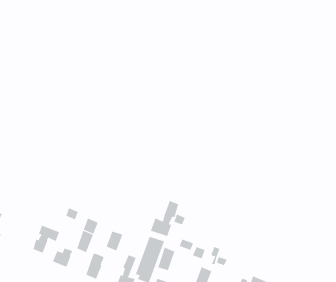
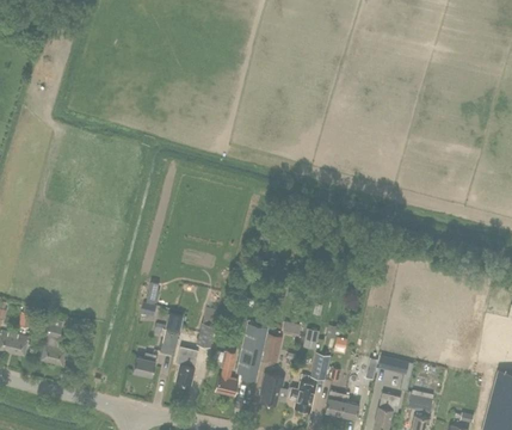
building: [150,200,179,237] -> none
building: [33,225,60,253] -> none

